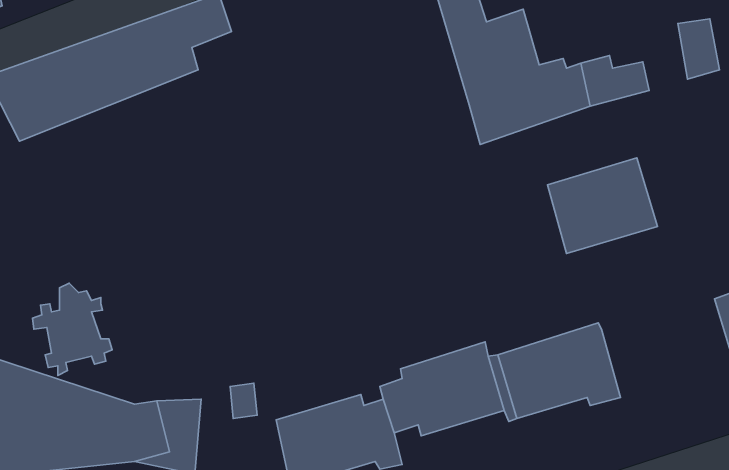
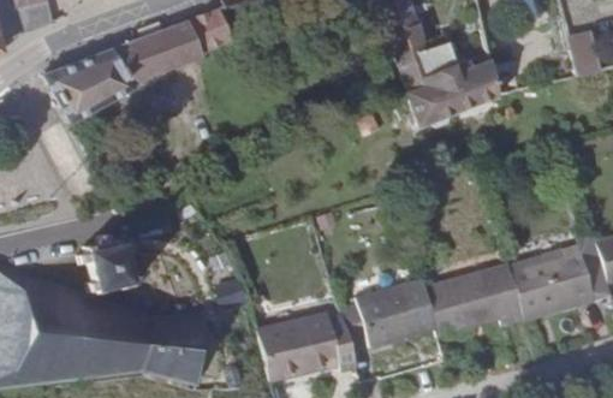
building: [547,158,657,253] -> [506,245,589,317]

